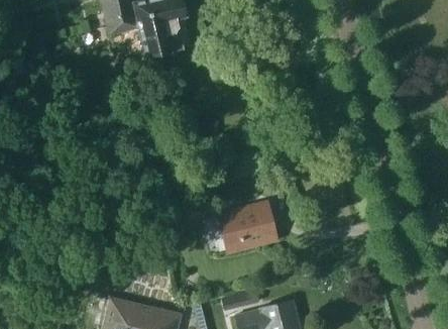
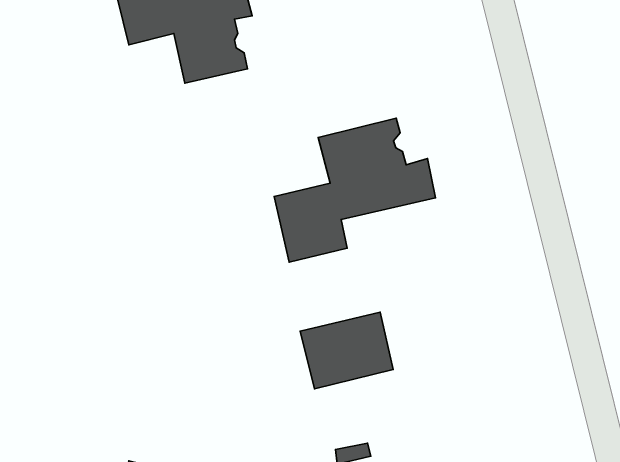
building: none -> [274,118,436,262]

